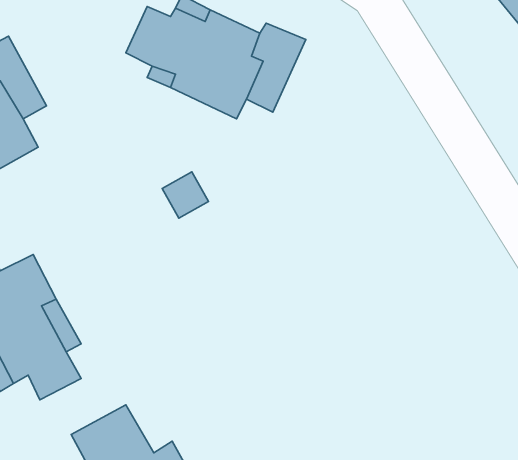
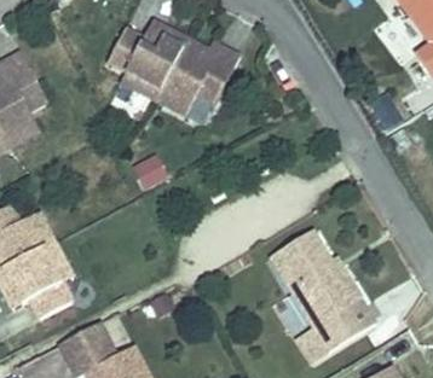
building: none -> [271,238,366,350]

